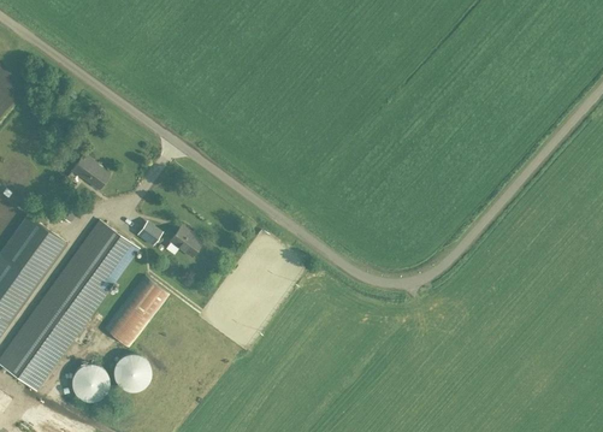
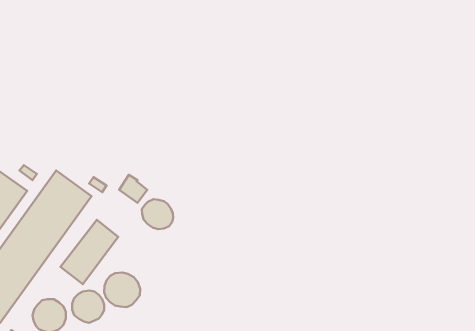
building: [71,154,108,189] -> none
building: none -> [142,199,173,229]
building: none -> [104,273,140,307]

